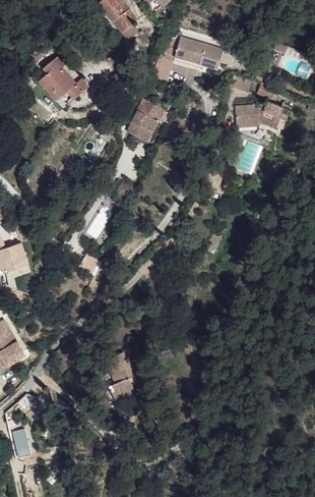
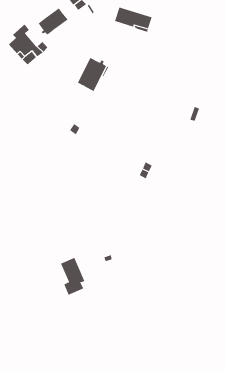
building: none -> [38,7,68,36]
building: [234,101,292,128] -> none

